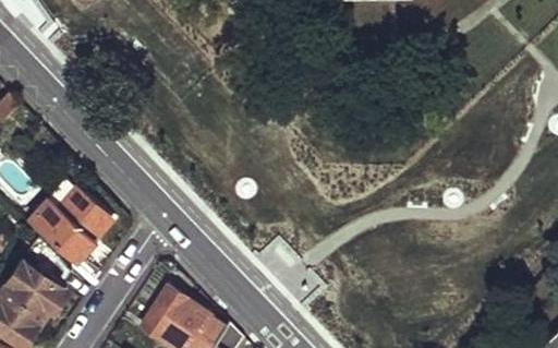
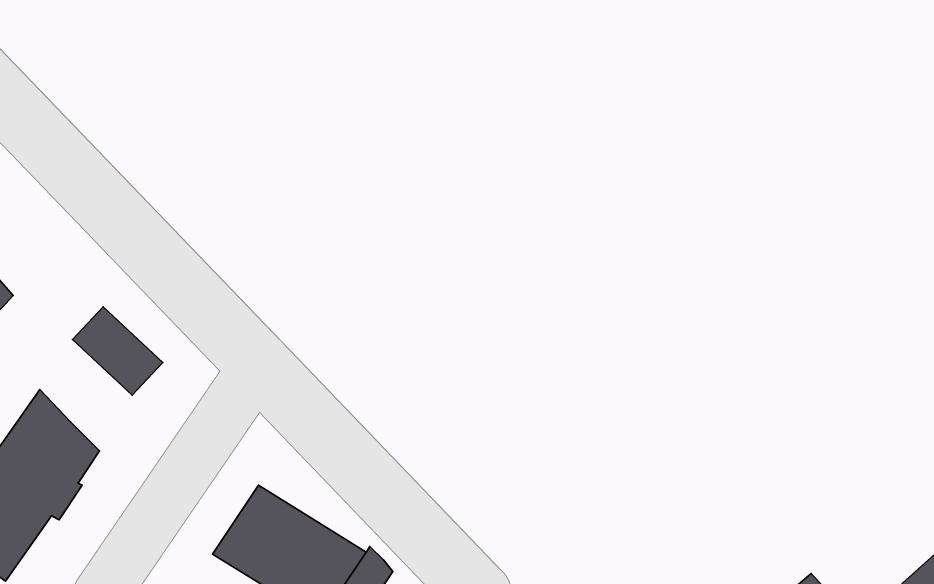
building: [37,196,101,288] -> none

